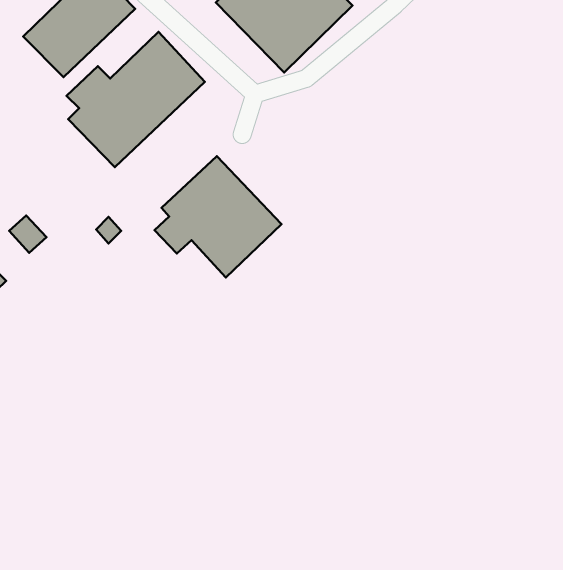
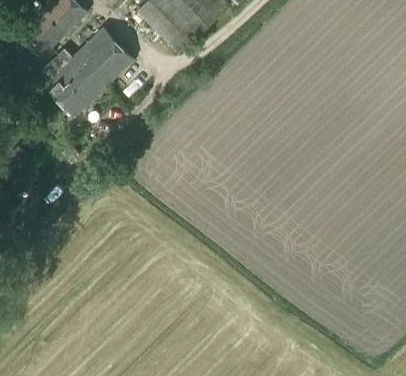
building: [155,156,281,277] -> none

